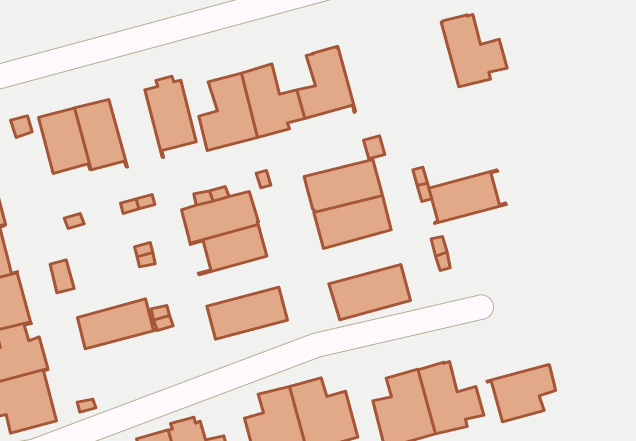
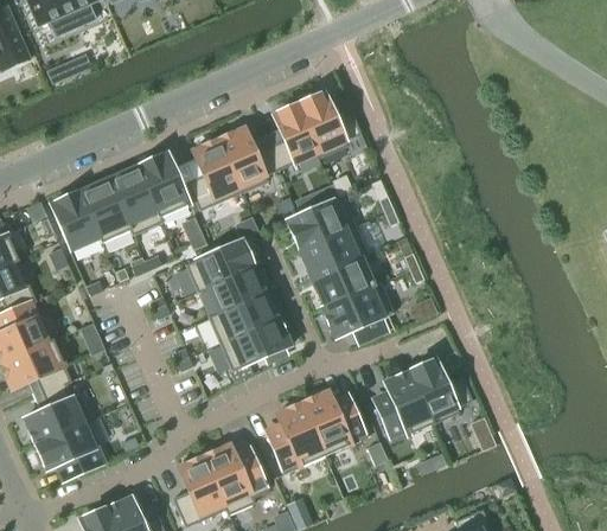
building: [441,14,507,87] -> [298,92,360,156]
building: none -> [108,166,161,235]
building: [429,170,507,224] -> [312,254,381,308]
building: [78,299,157,349] -> [209,293,279,344]
building: [487,364,556,422] -> none

